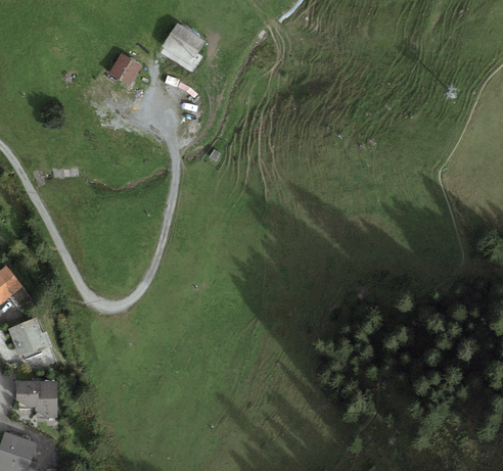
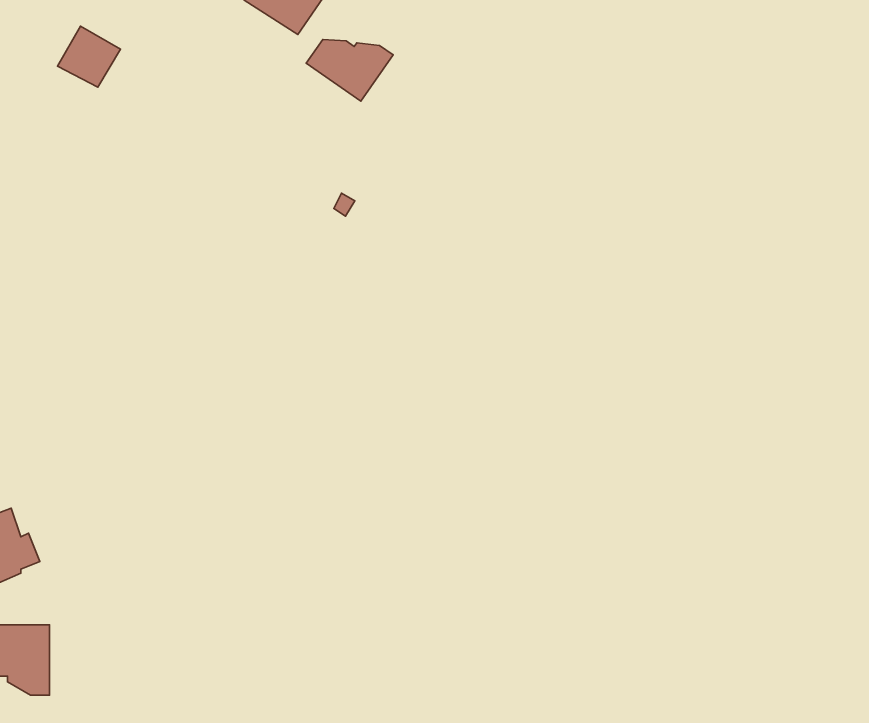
building: [108,52,142,85] -> [58,26,121,87]
building: none -> [306,39,393,101]

